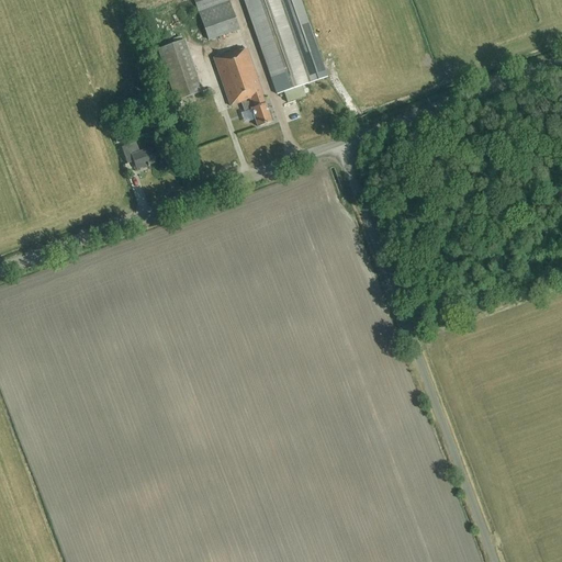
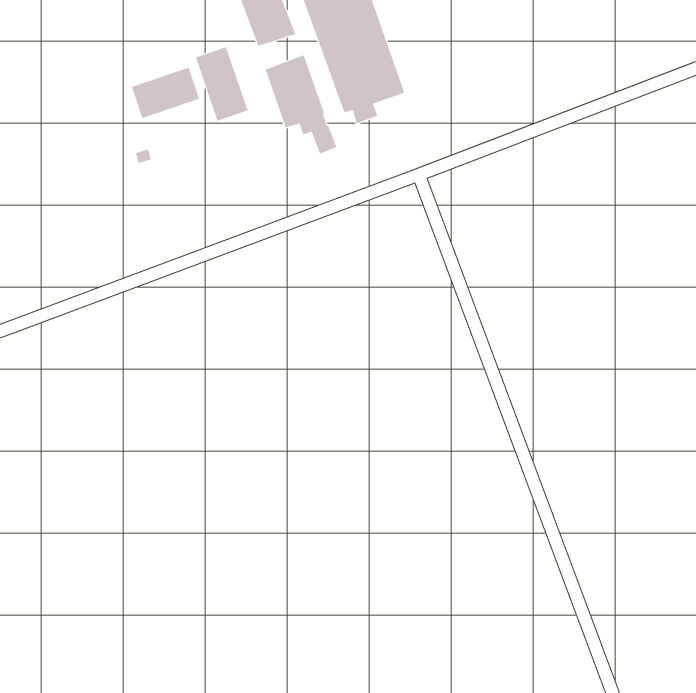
building: none -> [131,67,200,119]
building: [120,139,155,166] -> none

